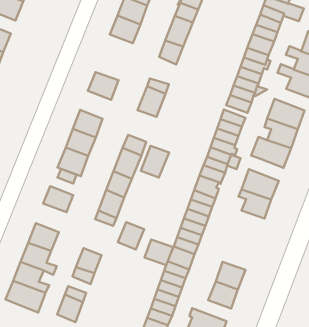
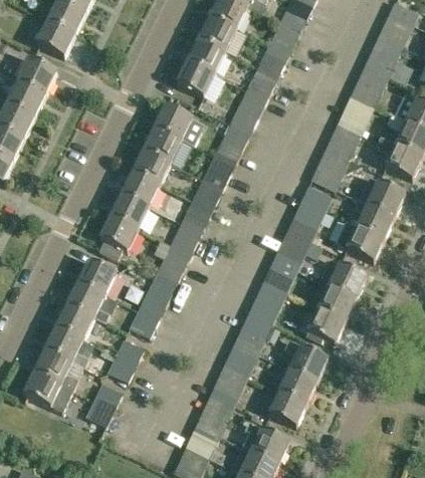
building: none -> [156,103,193,138]
building: none -> [221,113,254,148]
building: none -> [134,148,172,183]
building: [141,146,169,178] -> [189,176,225,215]
building: none -> [68,279,111,321]
building: none -> [307,307,346,342]
building: [118,222,144,250] -> [129,303,162,337]
building: none -> [285,339,328,380]
building: [144,239,173,265] -> none

